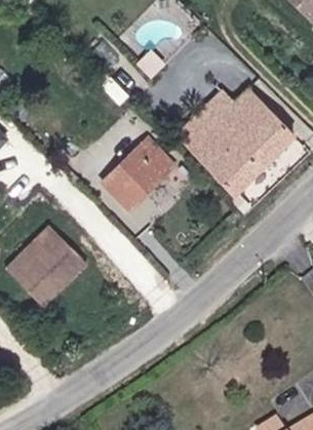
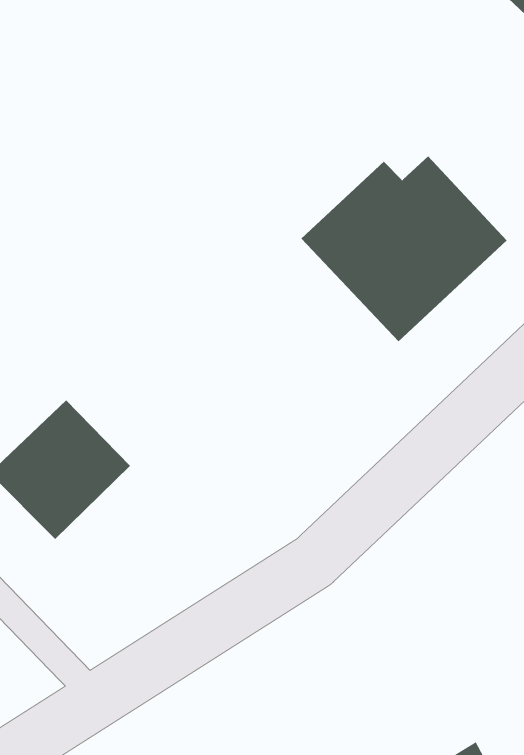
building: [105,136,174,205] -> none

